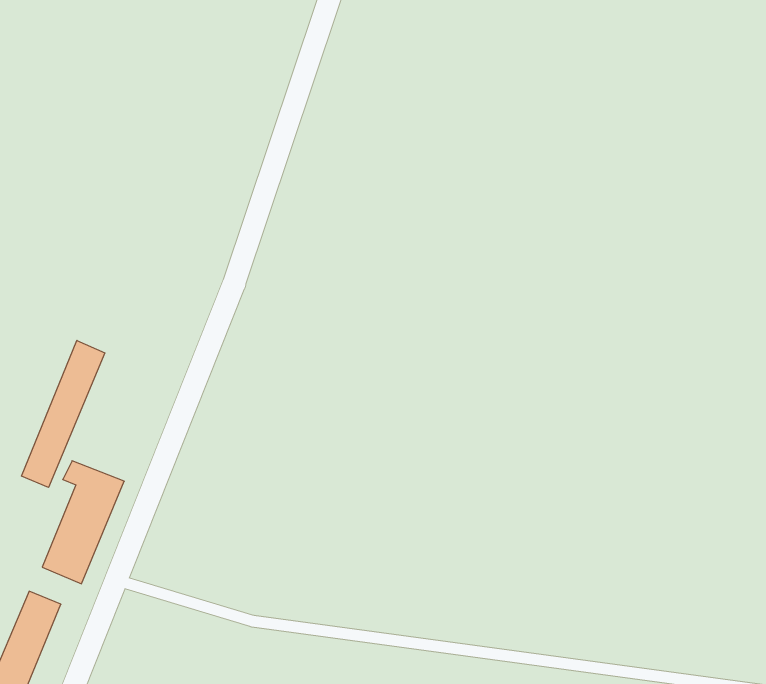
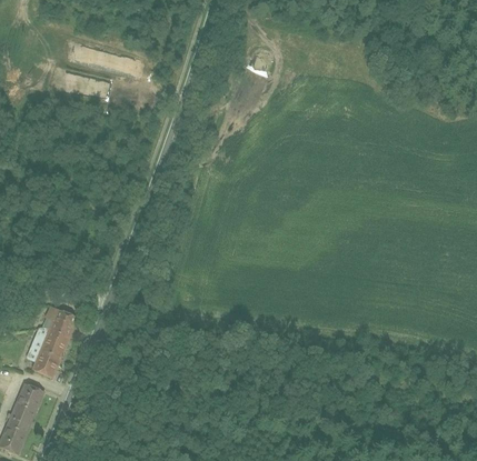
building: [22,340,105,487] -> none

